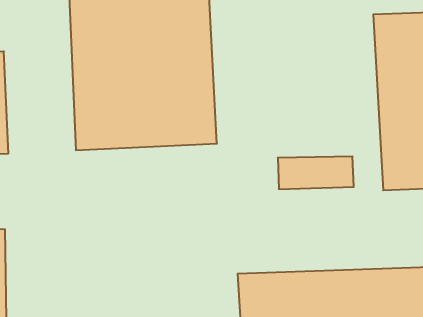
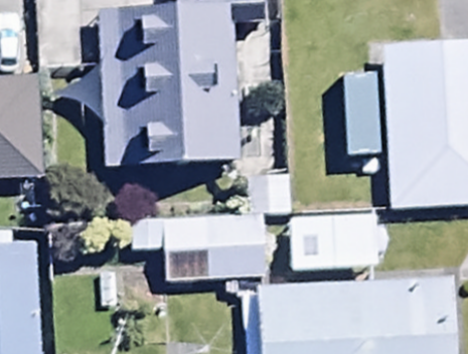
building: none -> [131,212,266,279]

